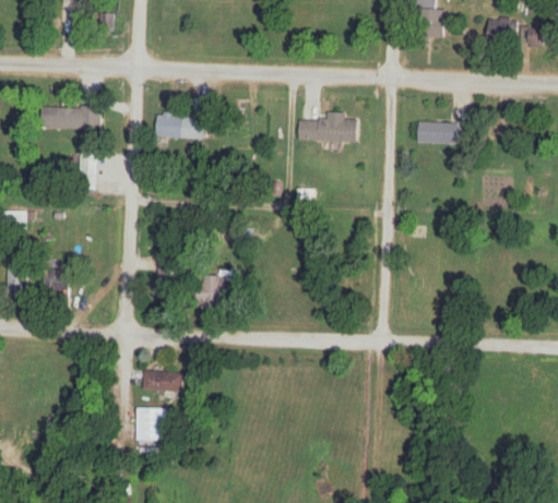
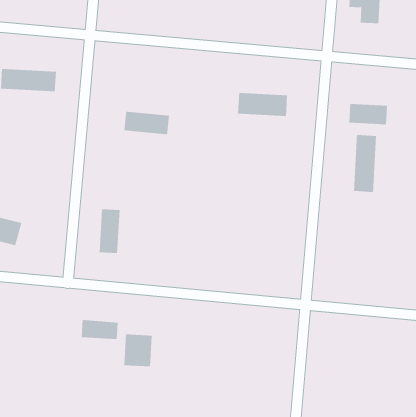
building: [155,115,204,137] -> [123,111,170,135]
building: none -> [354,134,377,193]
building: [203,275,237,303] -> none
building: [135,408,165,442] -> [123,334,152,367]

